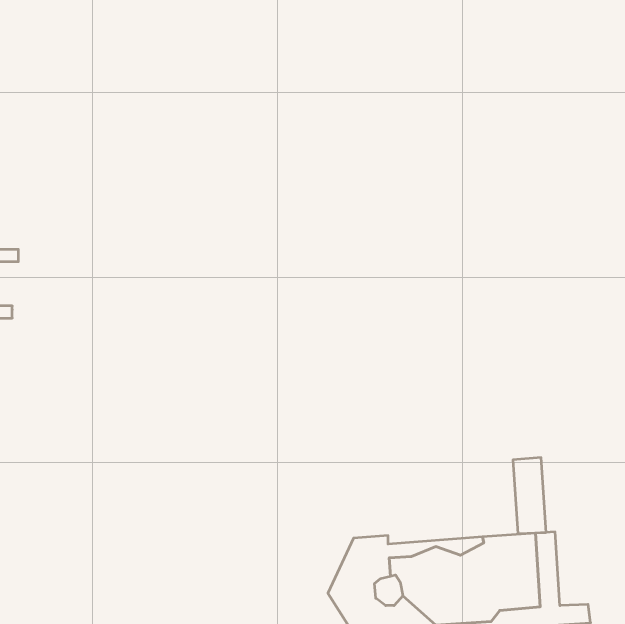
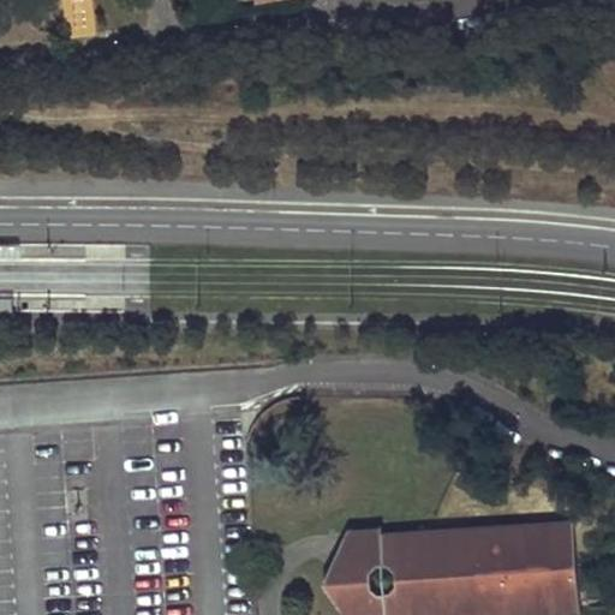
building: [513,458,546,534] -> [543,521,575,596]

